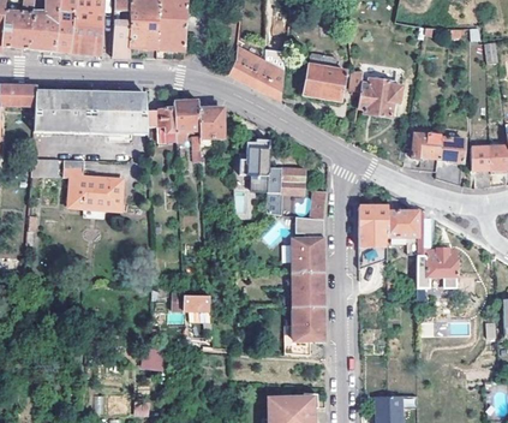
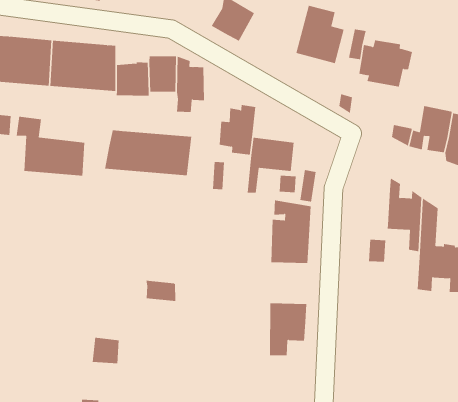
building: [251,59,281,99] -> none
building: none -> [104,130,192,176]
building: [359,204,388,234] -> none
building: [289,272,323,308] -> none

